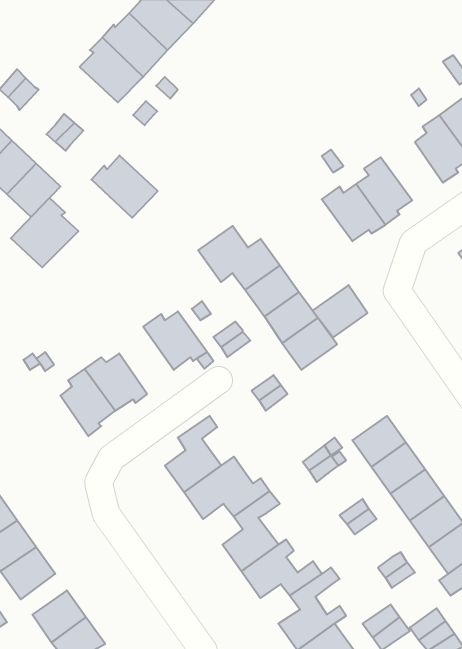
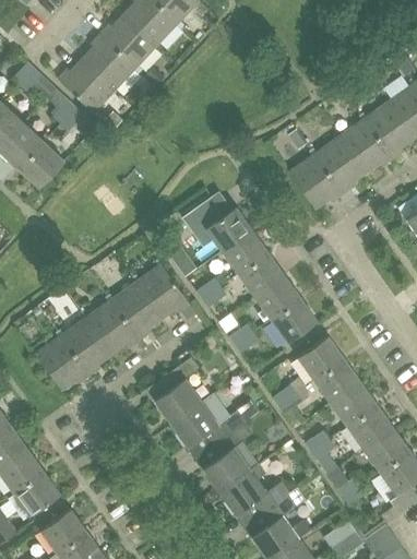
building: none -> [337,123,391,174]
building: [91,155,158,218] -> [56,59,112,112]
building: [11,198,78,267] -> none
building: [313,285,367,337] -> [270,297,317,342]
building: none -> [114,282,160,340]
building: none -> [297,335,343,379]
building: none -> [34,341,87,391]

